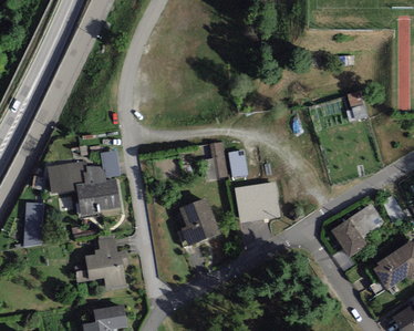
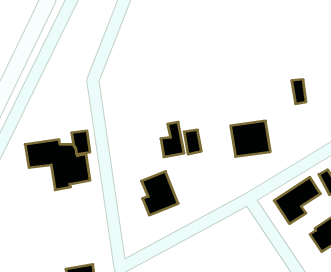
building: [235,182,280,223] -> [231,121,270,157]
building: [24,201,44,247] -> none
building: [75,236,128,290] -> none

